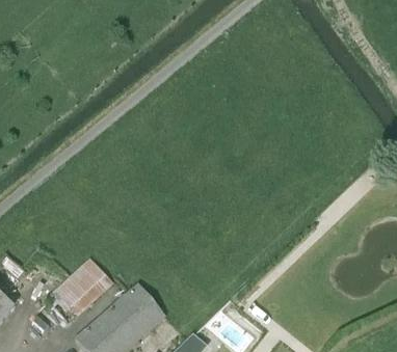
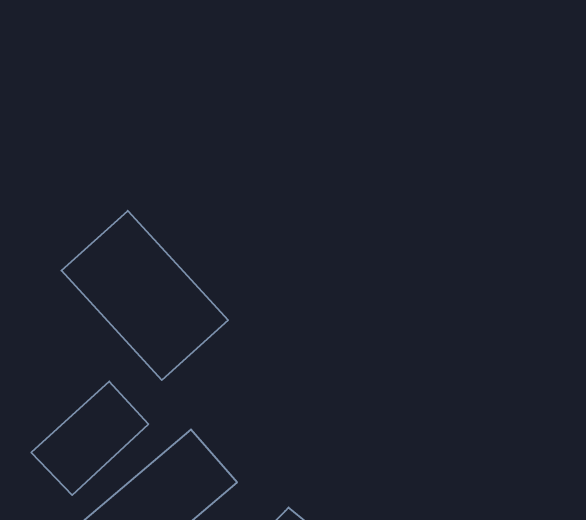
building: none -> [61,211,228,380]

